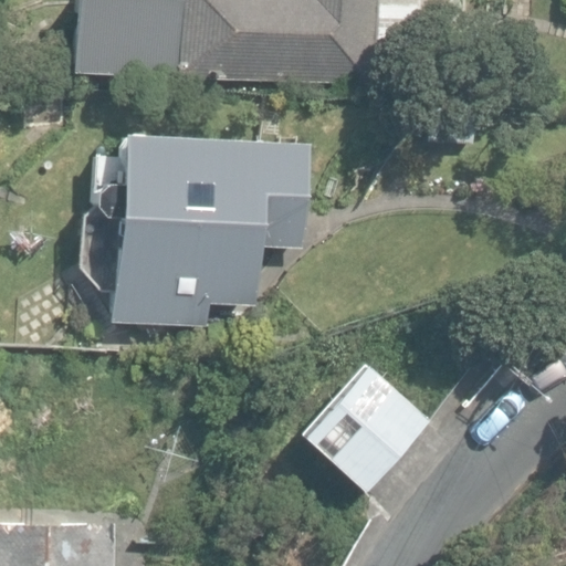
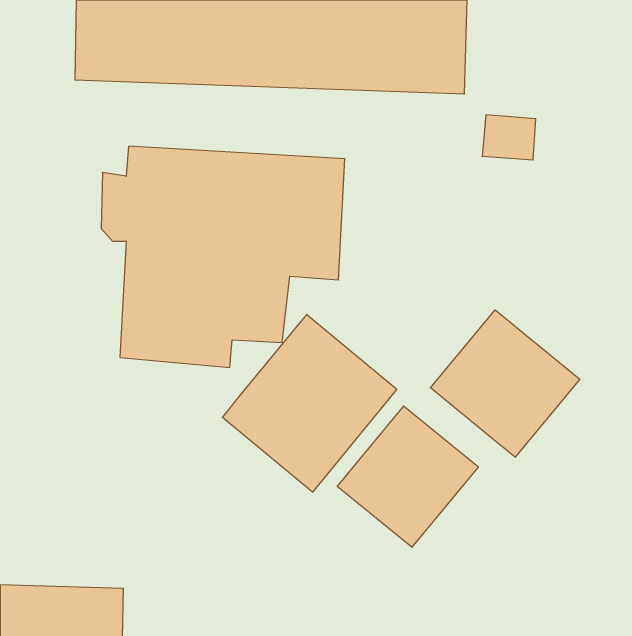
building: none -> [431,310,580,457]
building: none -> [223,314,397,492]

